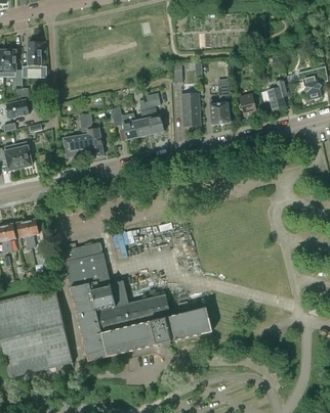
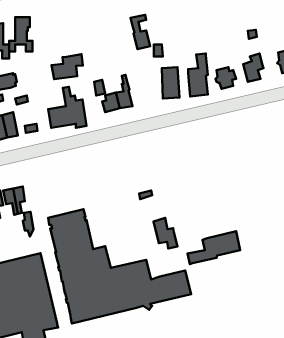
building: none -> [52,54,83,79]
building: [143,99,164,135] -> [131,15,150,49]
building: none -> [154,218,178,248]
building: none -> [188,231,240,264]

